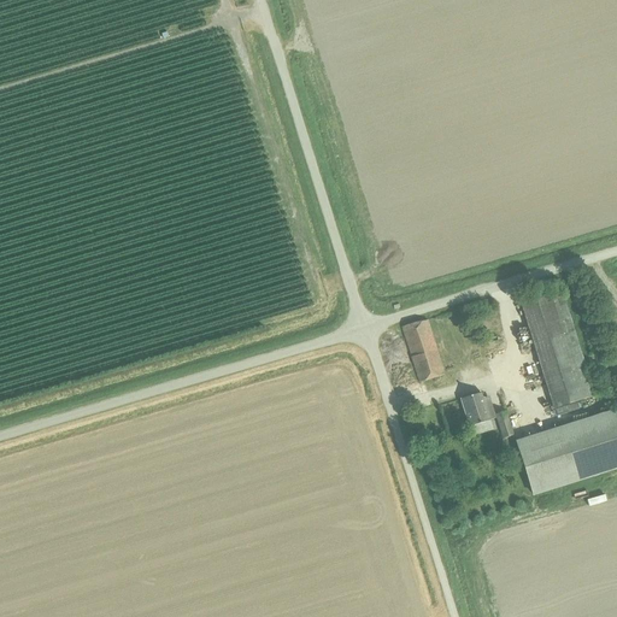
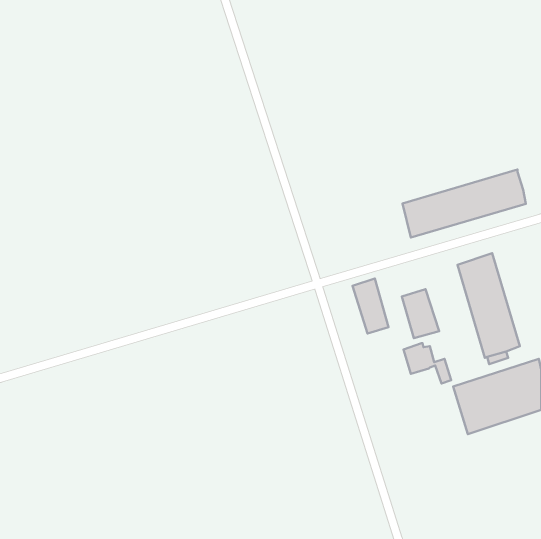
building: none -> [403,170,526,238]
building: none -> [402,289,439,338]

